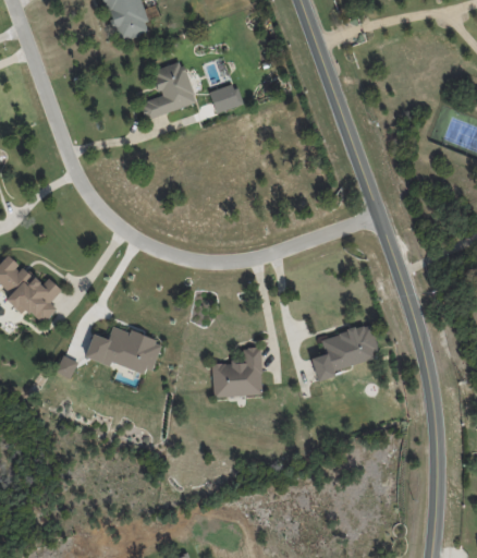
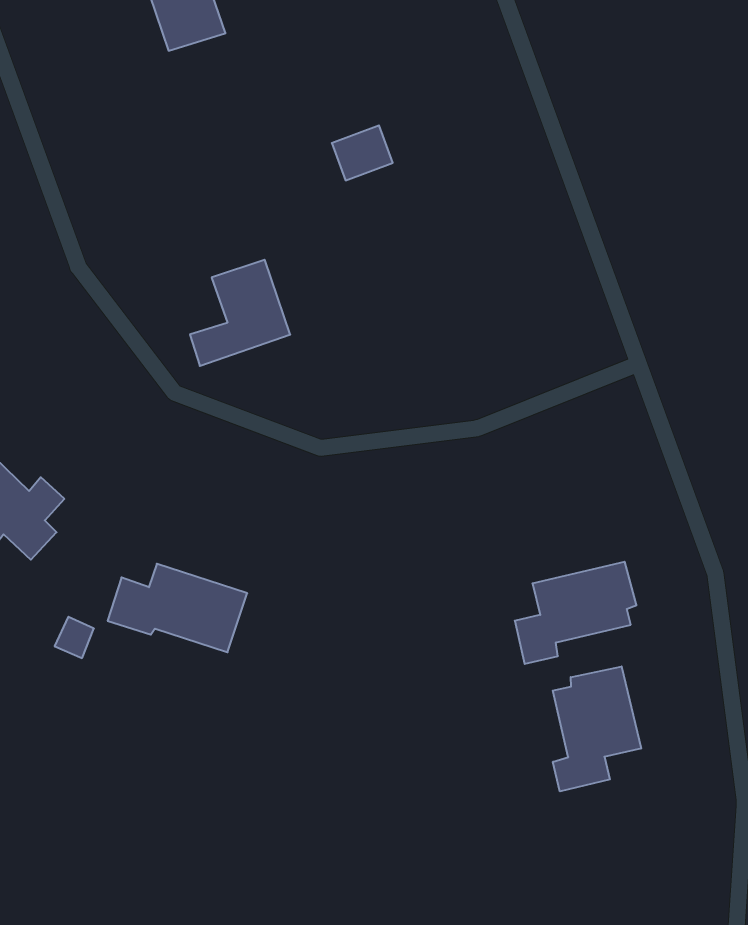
building: [140,61,196,120] -> [190,260,290,366]
building: [211,348,262,397] -> none
building: none -> [553,666,641,791]

